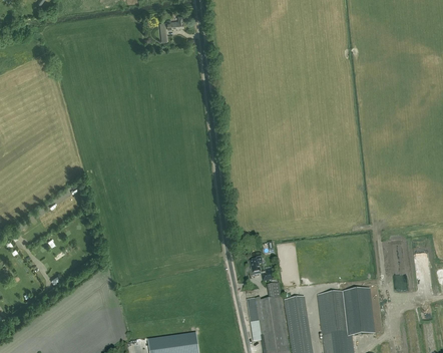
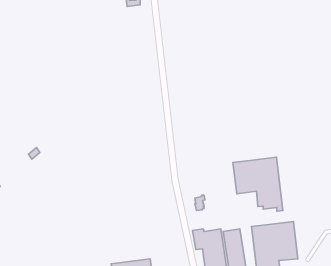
building: none -> [233,157,283,211]

